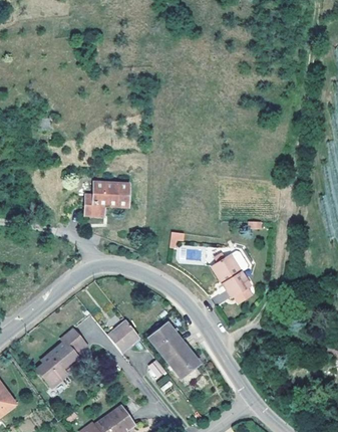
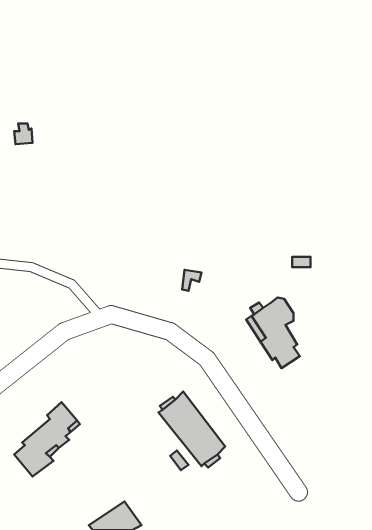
building: [80,182,123,216] -> none
building: [108,322,137,352] -> none

